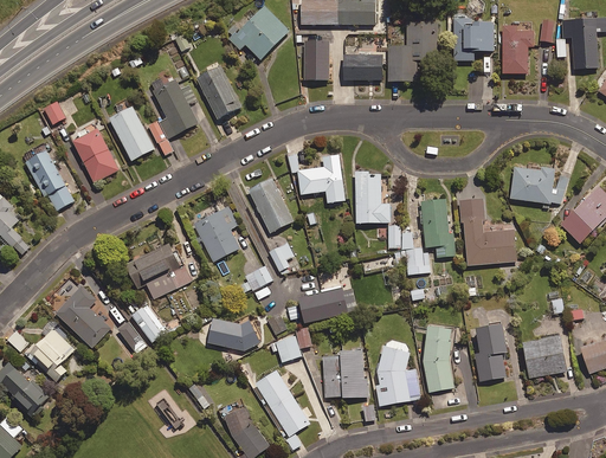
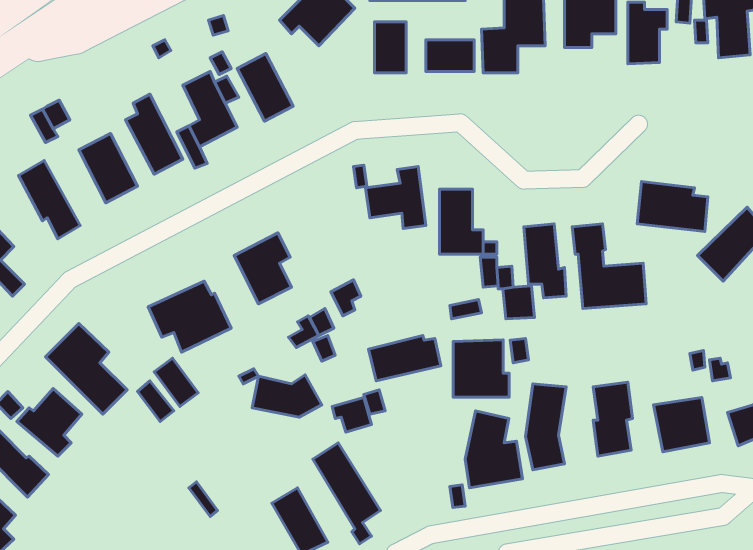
building: [250,179,294,232] -> none
building: [324,351,368,396] -> [453,340,509,397]

